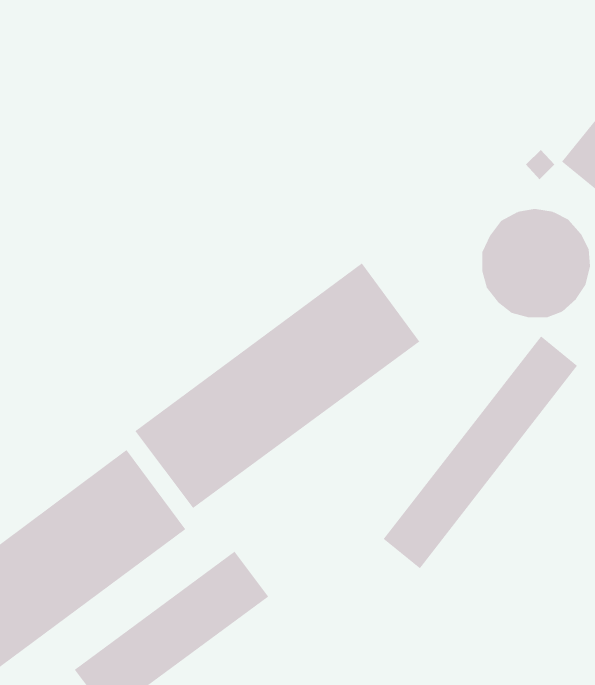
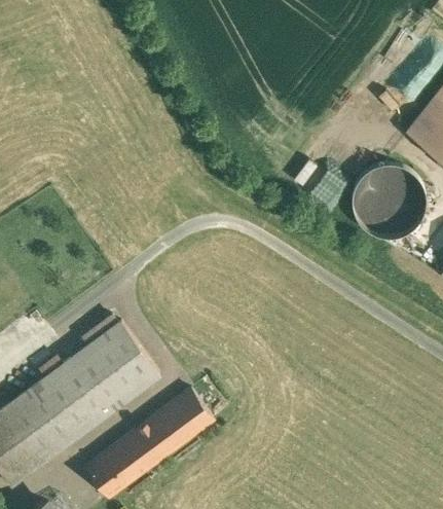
building: [134,262,420,509] -> none
building: [383,335,578,569] -> none

